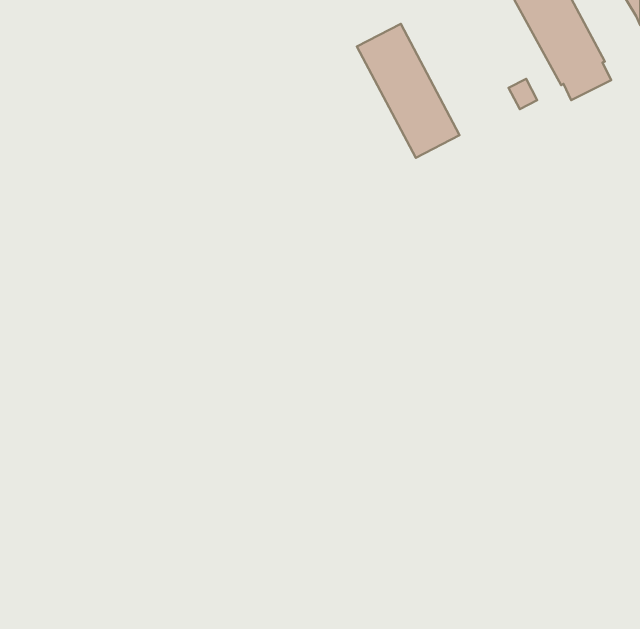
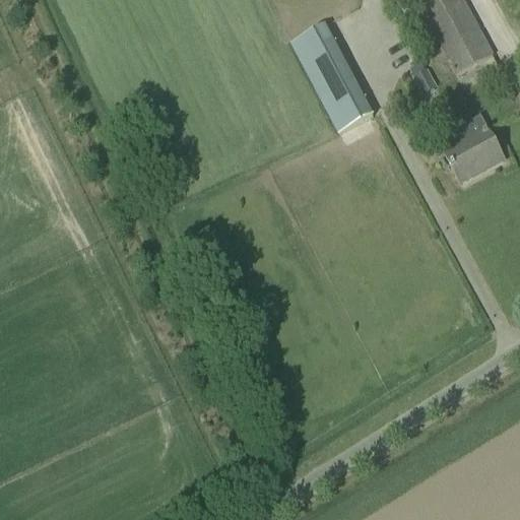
building: none -> [443,123,503,178]

